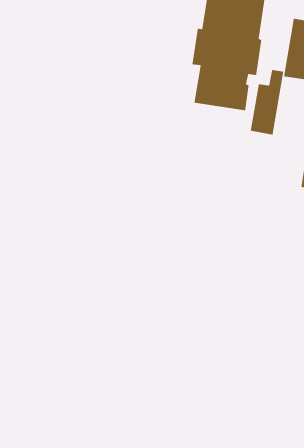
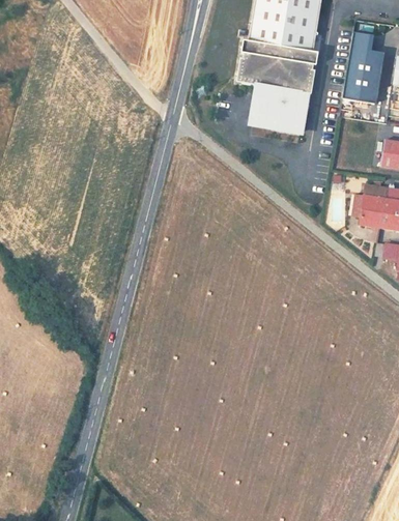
building: [250,69,284,135] -> none

